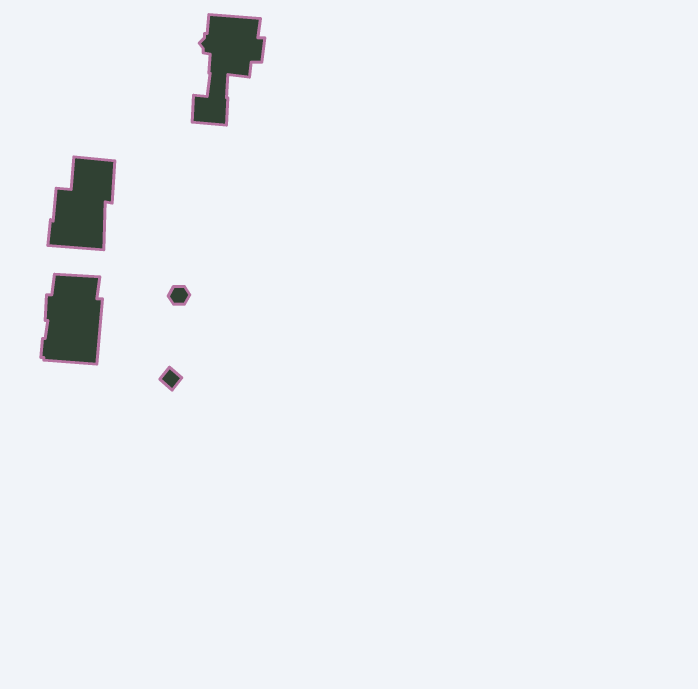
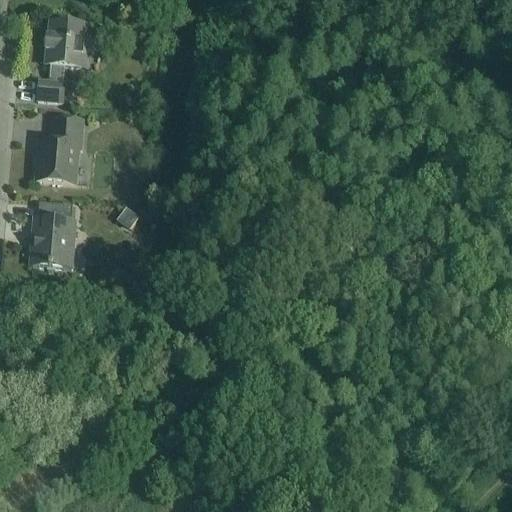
building: [192,15,265,125] -> [38,20,91,101]

